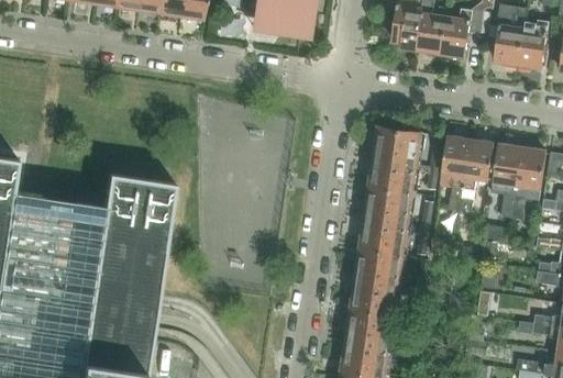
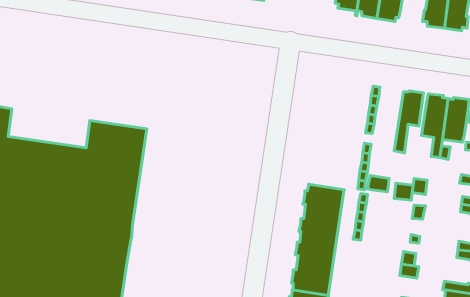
building: [361,124,421,254] -> none
building: [441,134,472,209] -> none

